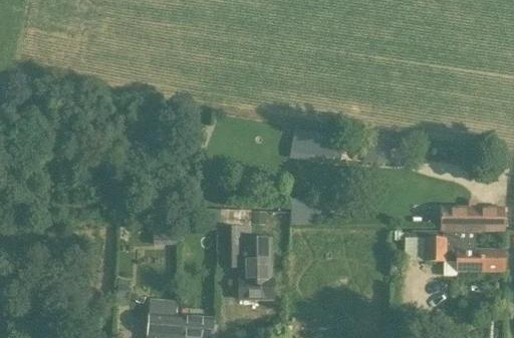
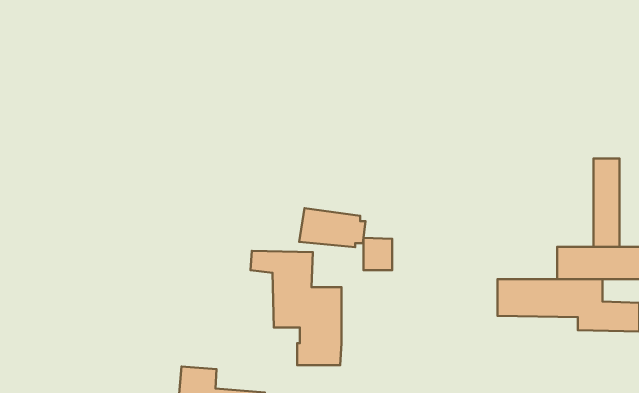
building: [290,130,341,160] -> [299,208,365,247]
building: none -> [594,159,620,247]

